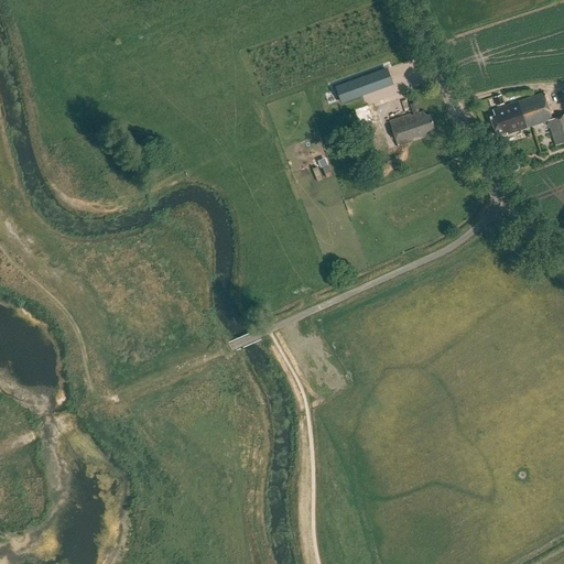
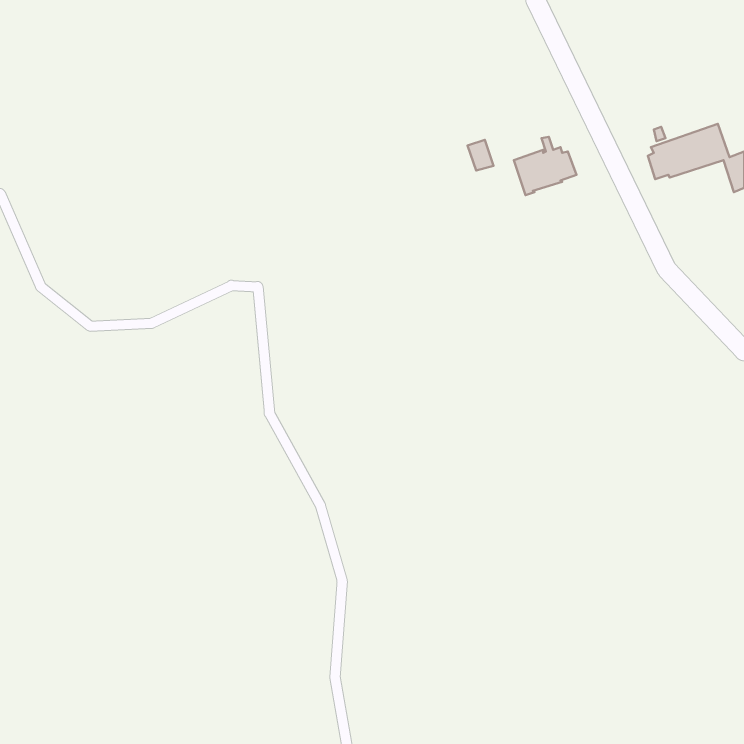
building: [336,69,391,102] -> none

